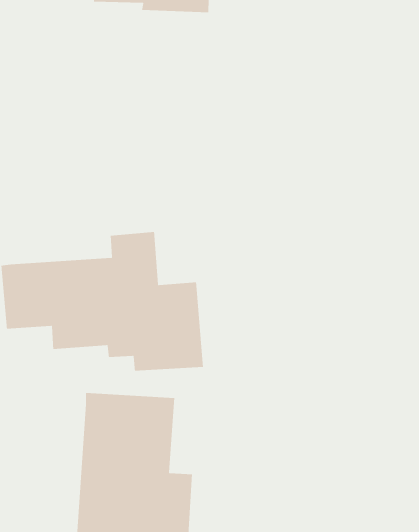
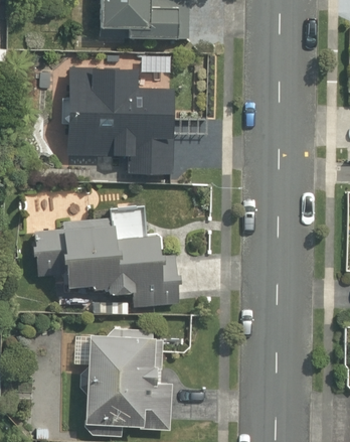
building: none -> [65,67,172,179]

